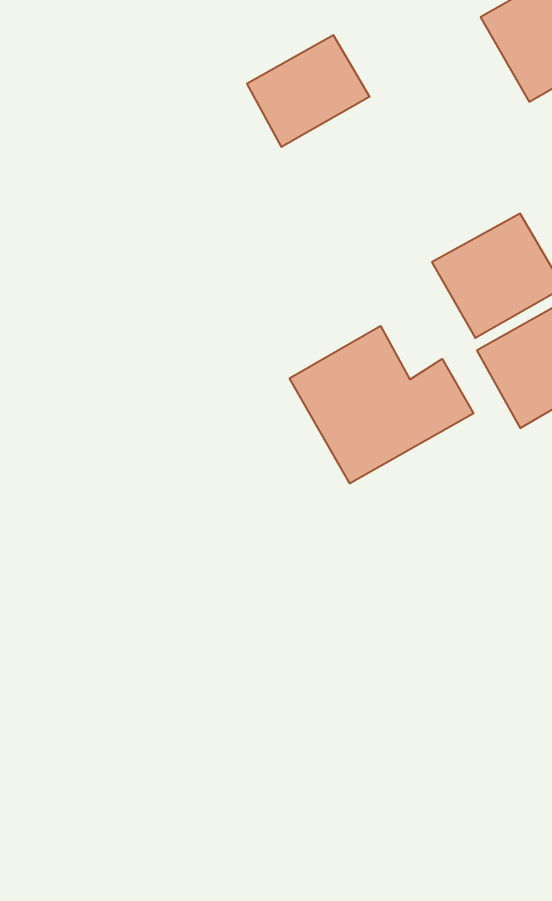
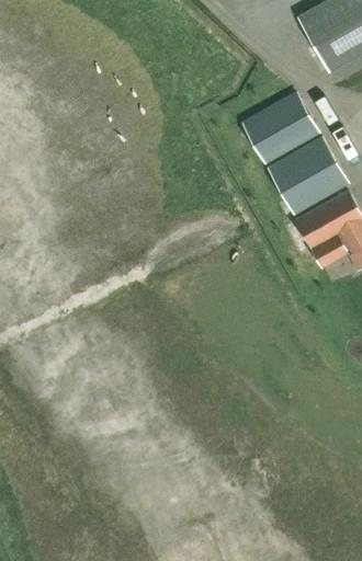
building: [247,35,370,147] -> [244,94,318,162]
building: [290,326,473,483] -> none

